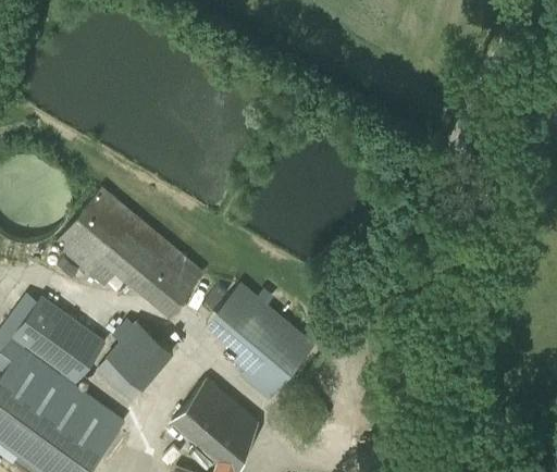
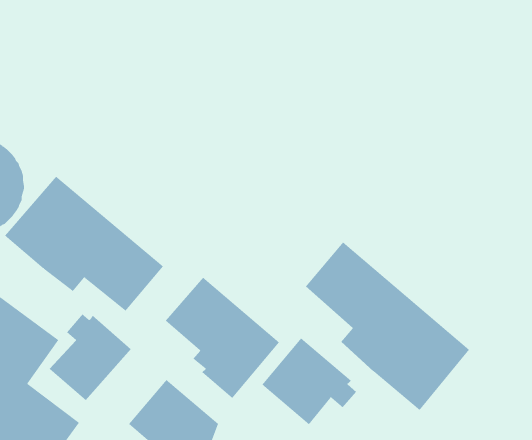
building: none -> [305,242,470,411]
building: none -> [262,338,357,425]

